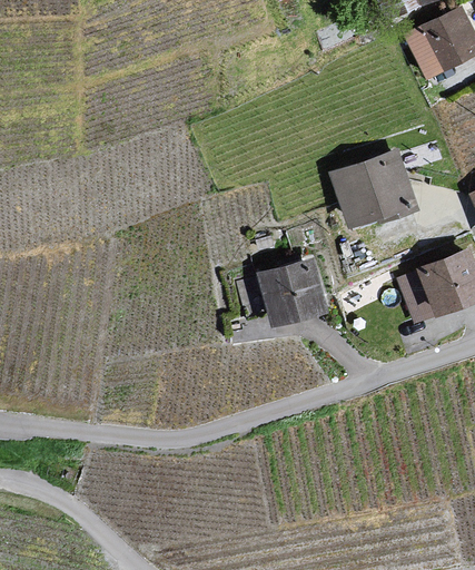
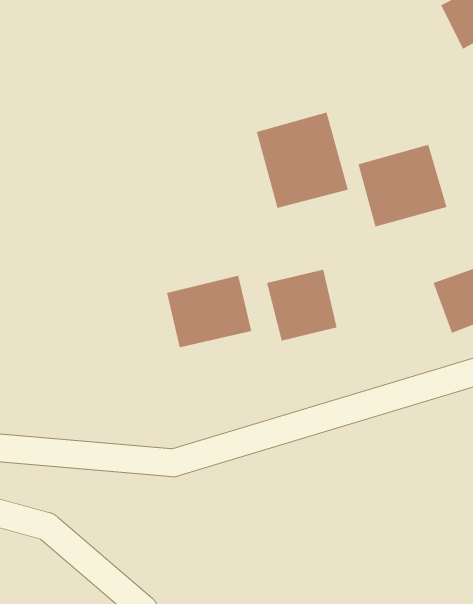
building: none -> [256,112,349,209]
building: none -> [166,275,252,348]

